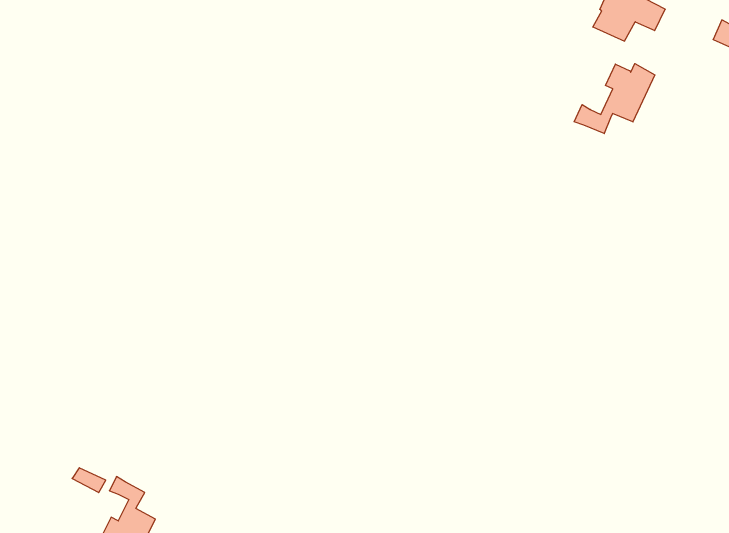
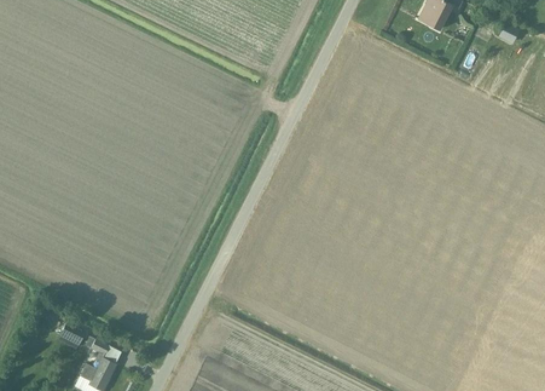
building: [574,64,655,134] -> none

